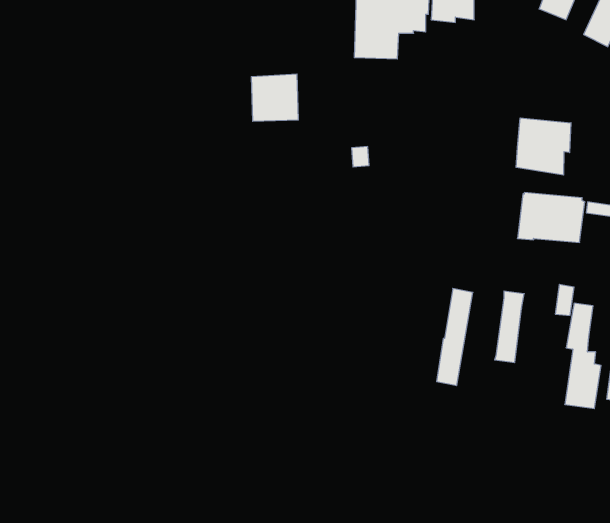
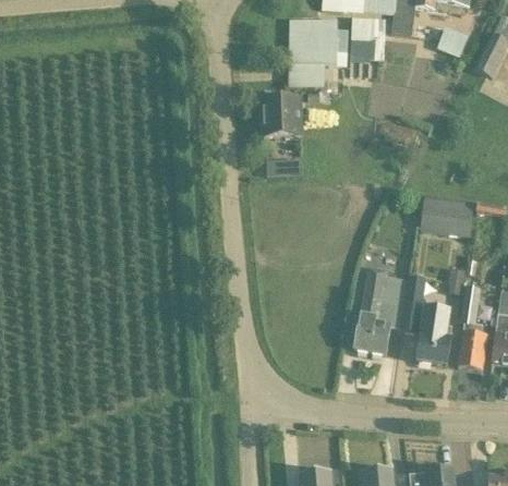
building: [251,74,298,121] -> [263,97,301,135]
building: [516,118,571,175] -> none
building: none -> [371,276,409,353]
building: none -> [418,306,452,365]

